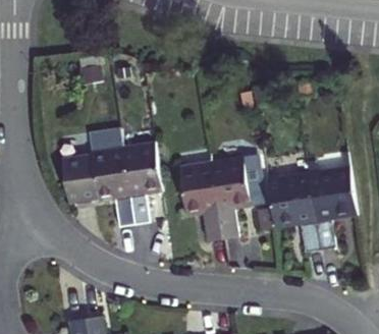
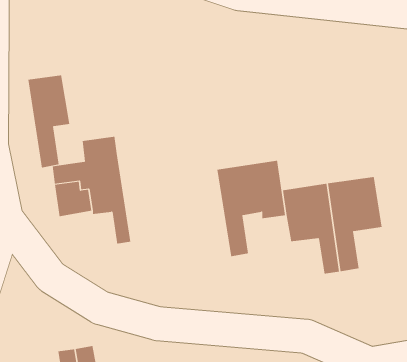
building: [121,138,159,221] -> [27,75,70,168]
building: [177,157,221,236] -> none

